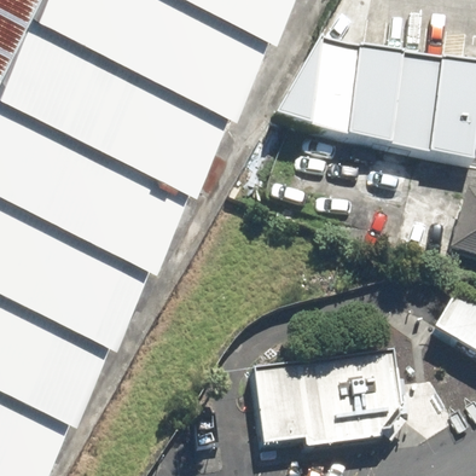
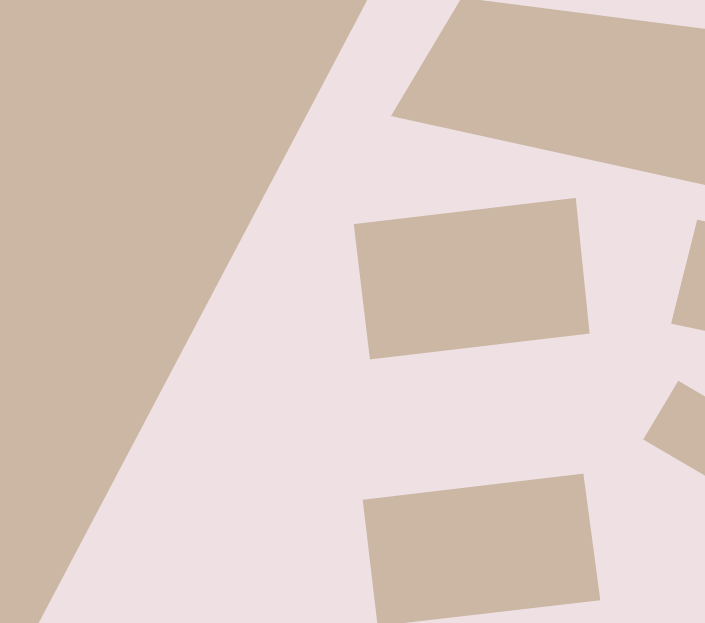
building: none -> [353,197,590,360]

